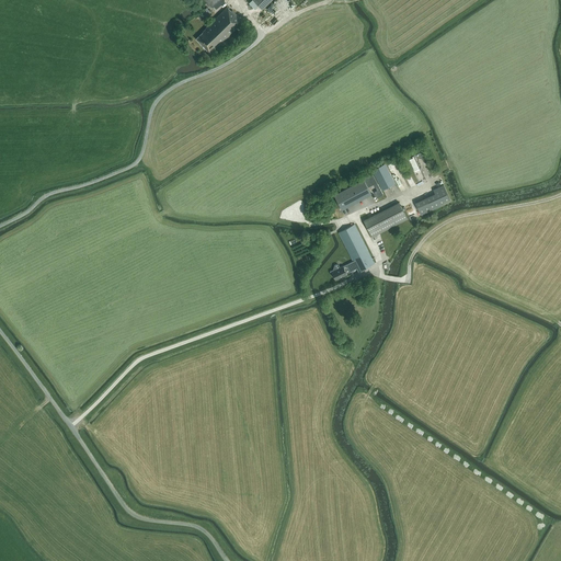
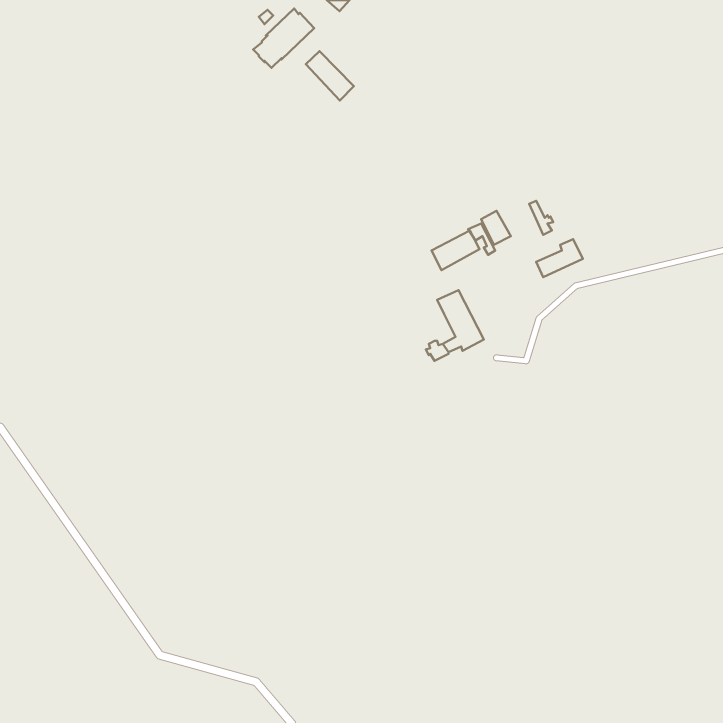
building: none -> [306,51,354,100]
building: [364,202,408,237] -> none

